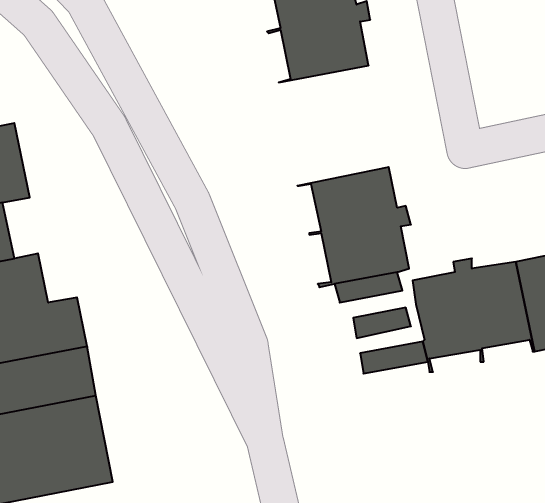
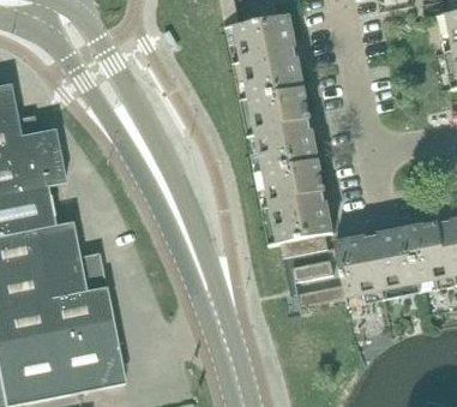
building: none -> [240,88,319,173]

